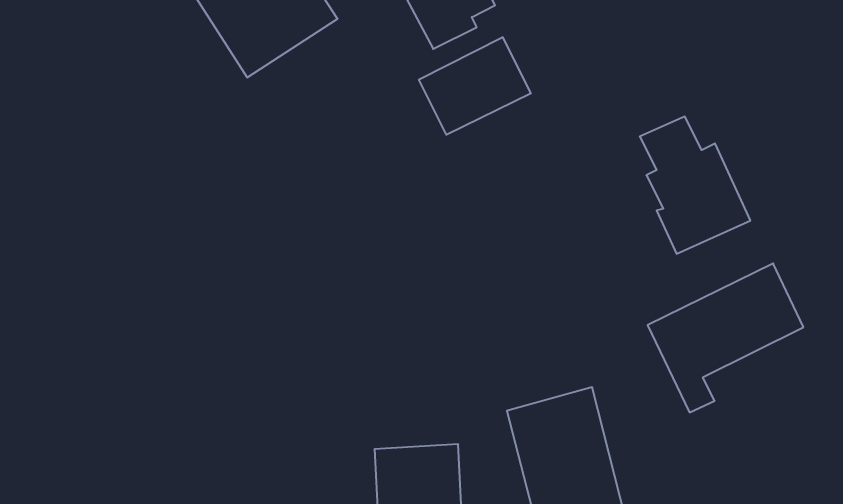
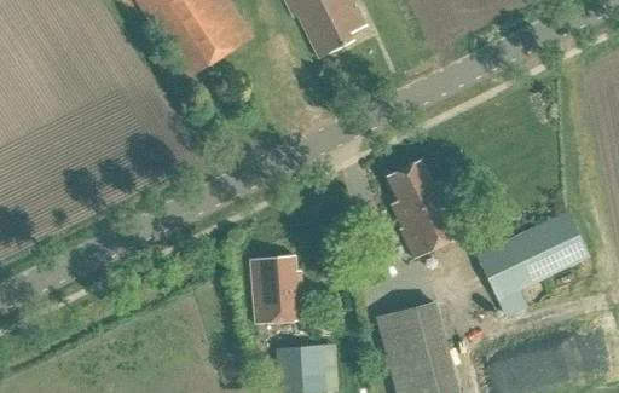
building: [419,37,531,135] -> none
building: [640,117,750,254] -> [383,162,463,261]
building: none -> [248,254,305,322]

